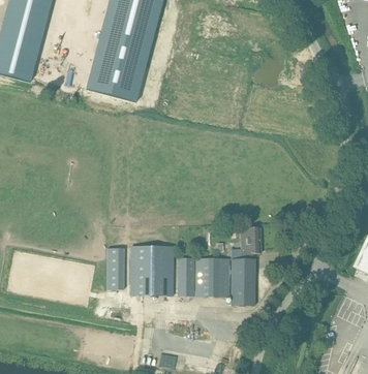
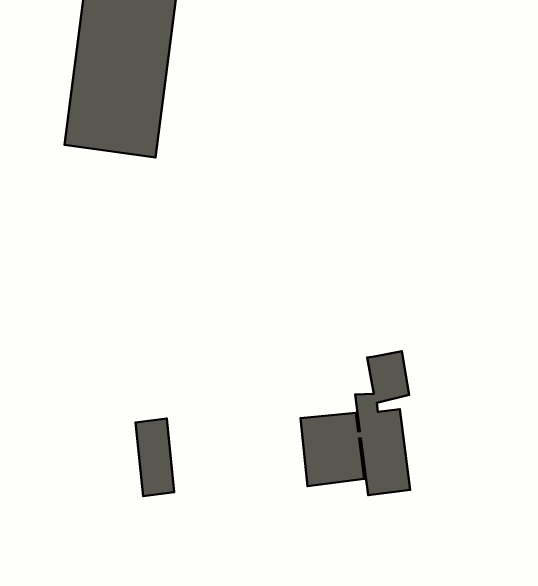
building: [131,244,174,293] -> none
building: [180,256,194,293] -> none

